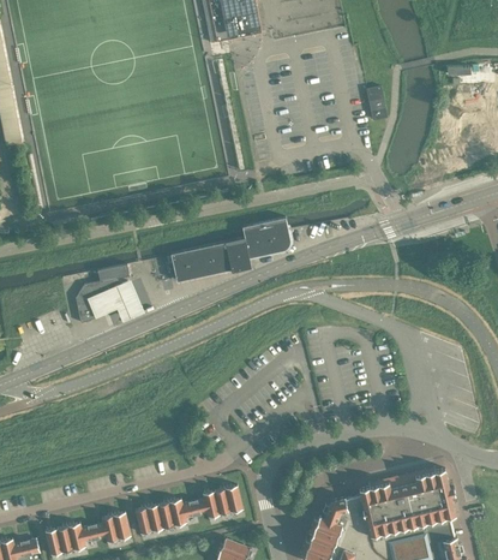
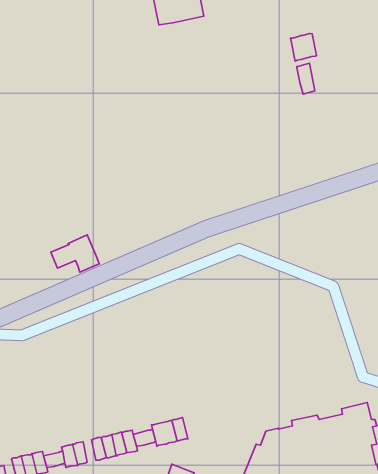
building: none -> [290,34,317,61]
building: [172,219,290,282] -> none
building: [77,266,131,323] -> none

